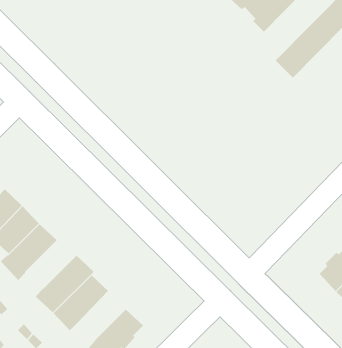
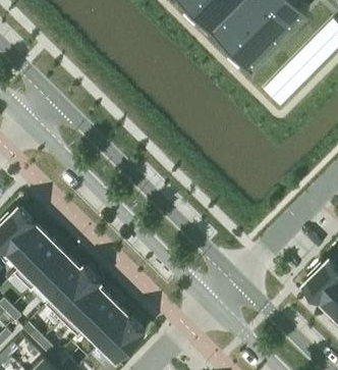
building: none -> [37,255,82,299]
building: none -> [83,301,127,346]

